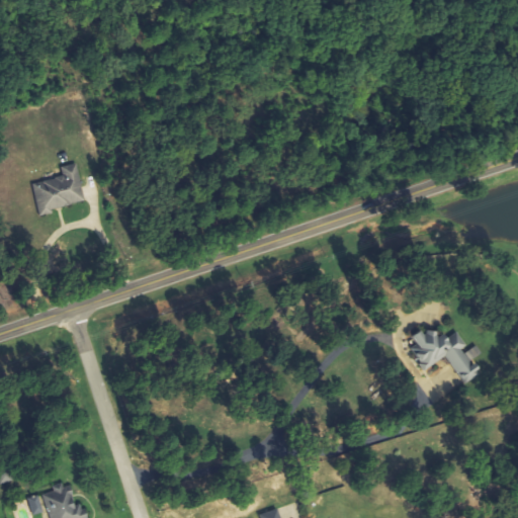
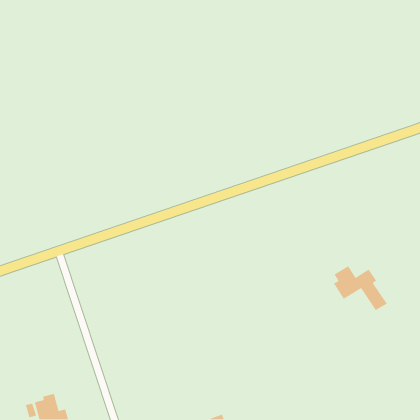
building: [32,163,83,210] -> none

